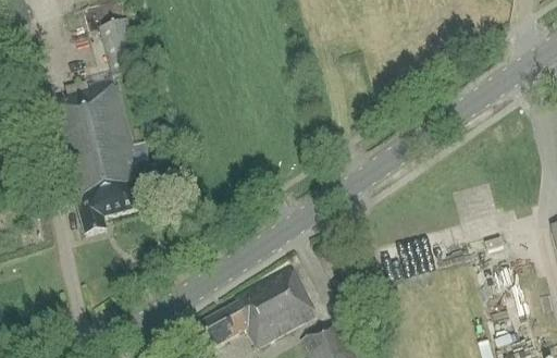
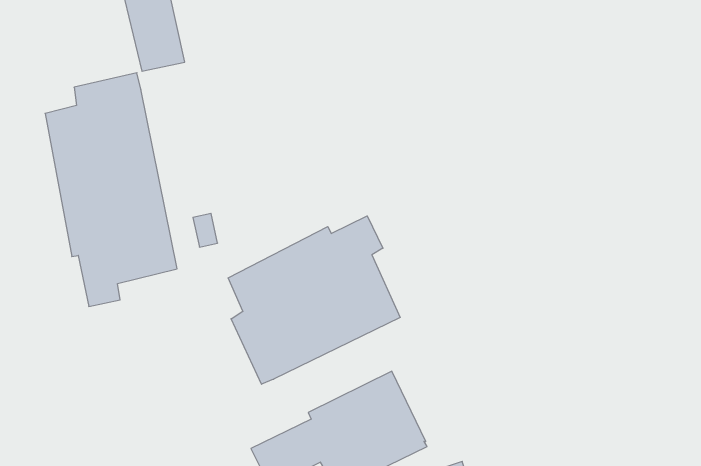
building: none -> [228,216,400,384]

